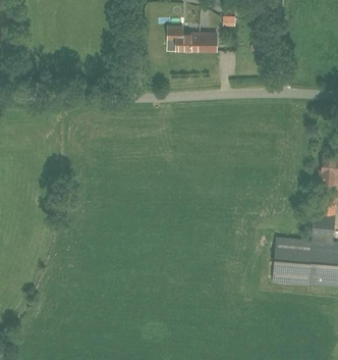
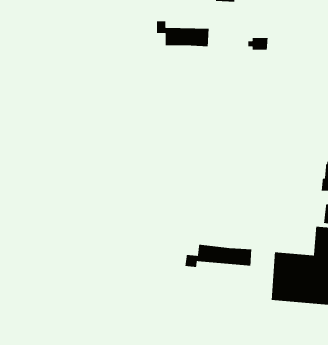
building: none -> [185,244,252,268]

